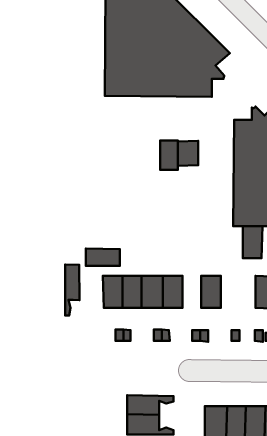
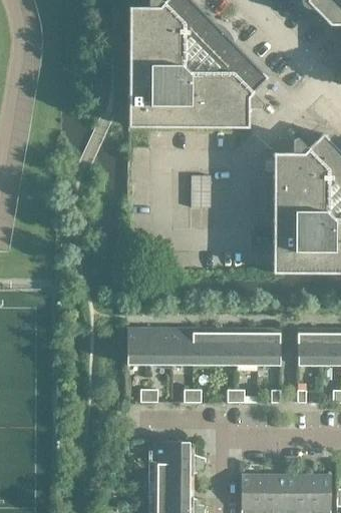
building: [178,141,198,166] -> none
building: [243,226,262,258] -> [260,329,282,365]
building: [86,248,120,266] -> none
building: [65,265,79,316] -> none
building: none -> [217,329,238,365]
building: none -> [154,441,207,464]

